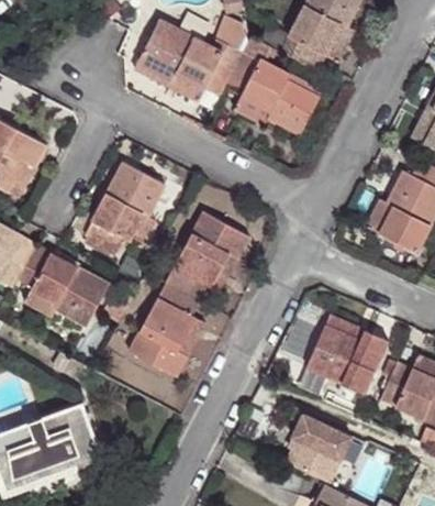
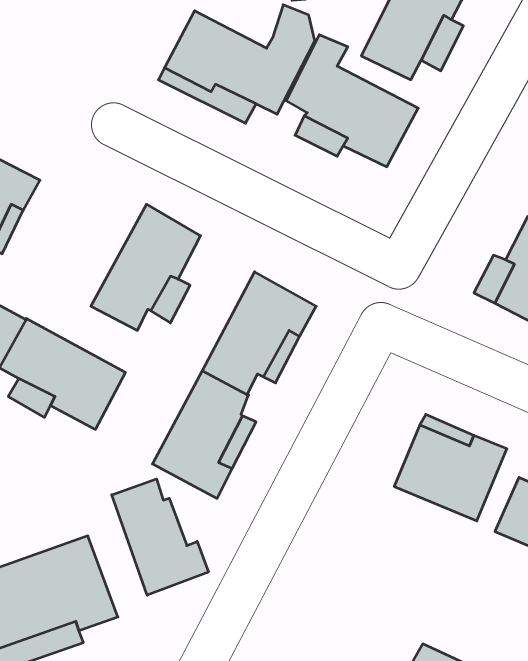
building: none -> [112,479,208,595]
building: [285,414,350,482] -> none

